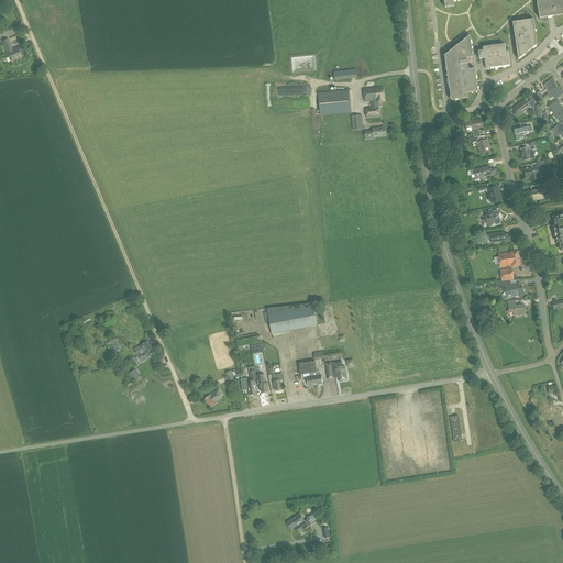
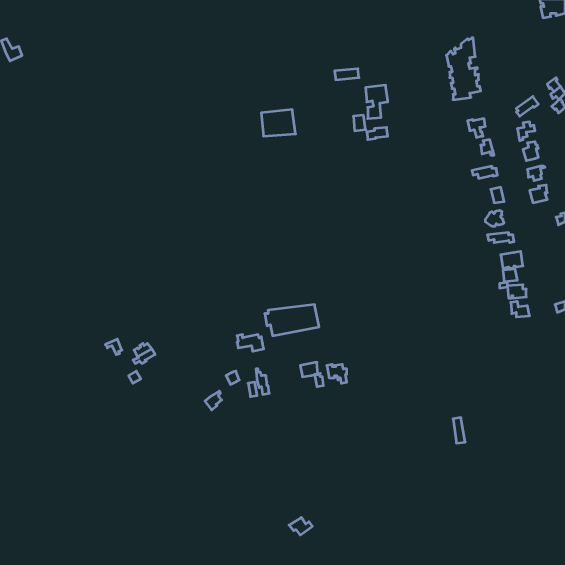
building: [511,18,537,55] -> none
building: [477,44,509,67] -> none
building: [317,88,351,114] -> [261,110,296,136]

